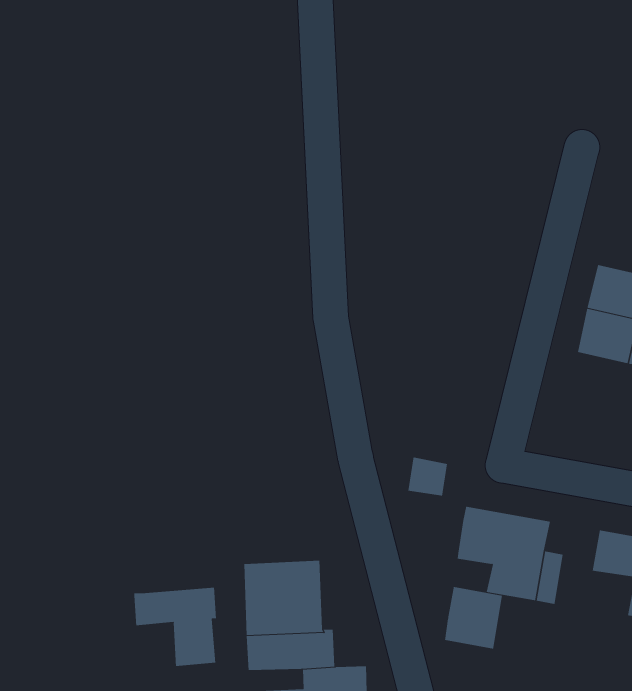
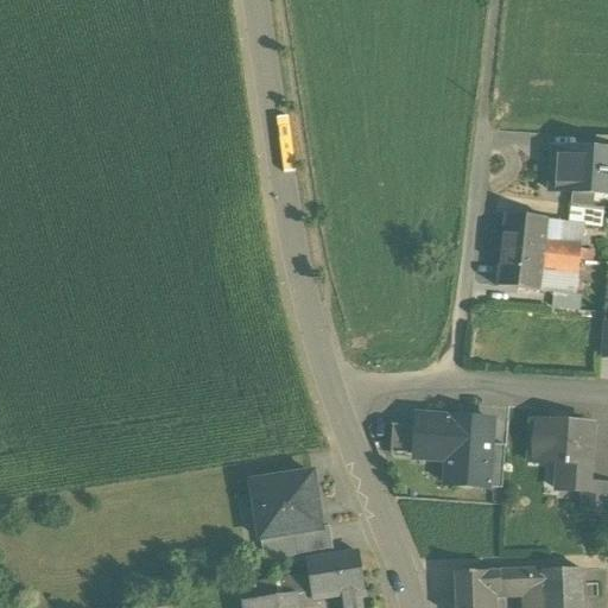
building: [408,457,448,496] -> [392,425,422,454]
building: [445,586,503,650] -> none
building: [134,587,217,667] -> none

